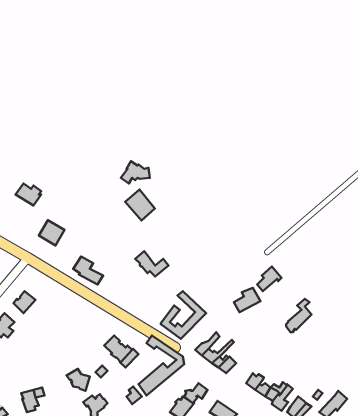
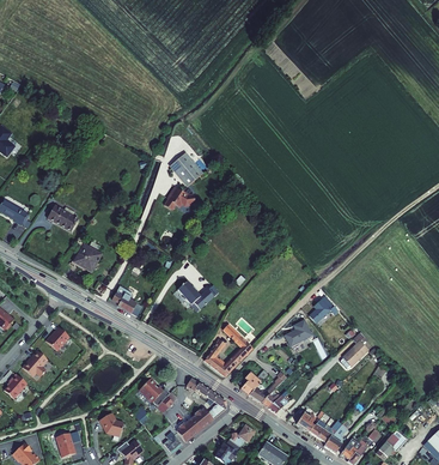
building: [125,190,155,221] -> [169,151,201,185]

